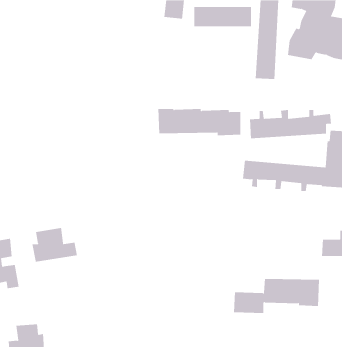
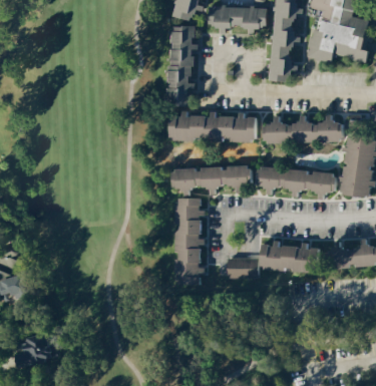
building: none -> [170,27,195,103]
building: none -> [173,166,251,190]
building: none -> [173,199,201,284]
building: [32,227,77,262] -> none
building: [233,278,320,313] -> [226,244,315,280]

